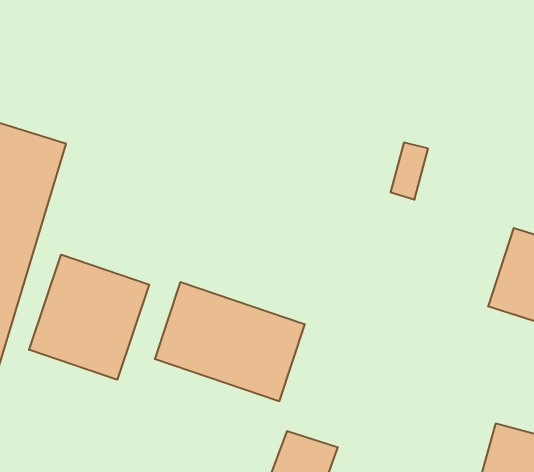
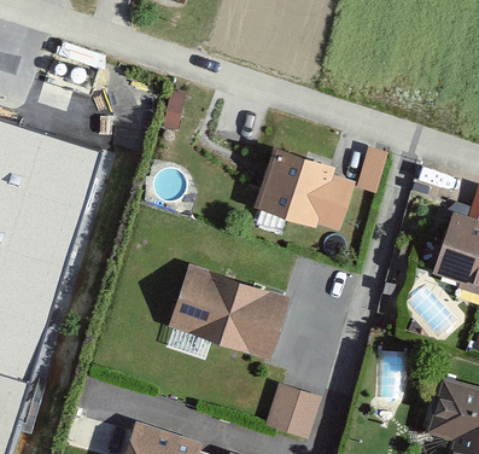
building: none -> [258,149,354,233]
building: [29,255,149,380] -> none

